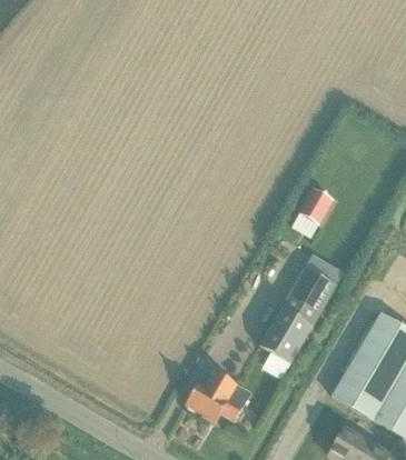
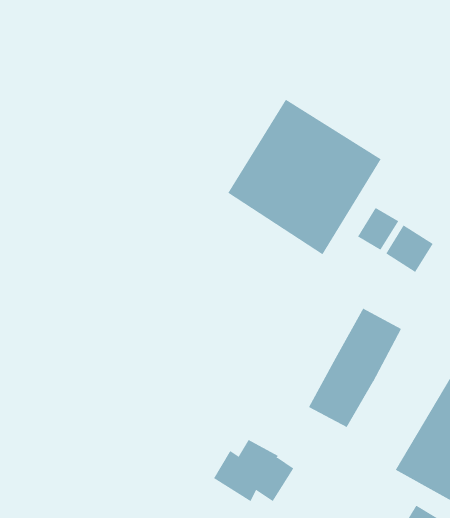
building: none -> [227,99,381,255]
building: none -> [385,224,433,273]

